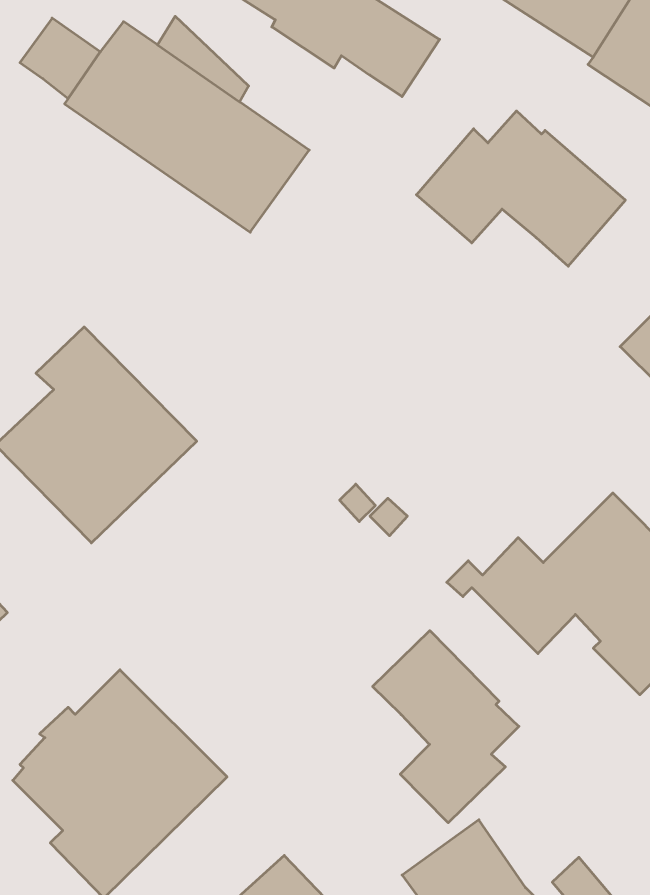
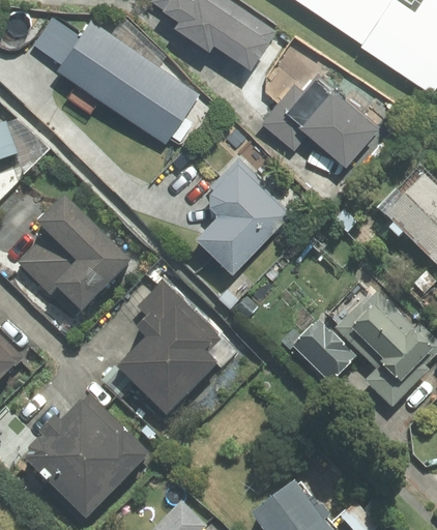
building: none -> [199,154,292,265]
building: none -> [119,285,220,415]
building: [373,631,519,823] -> none

